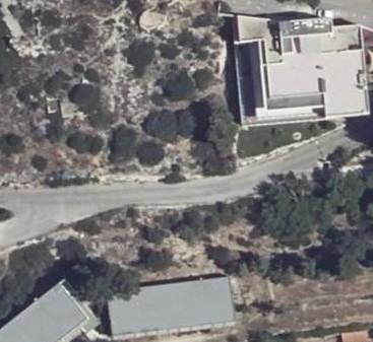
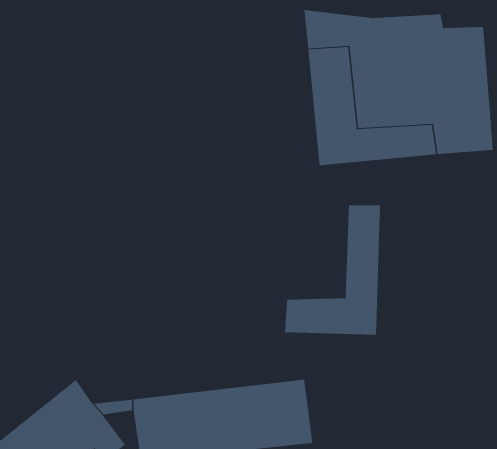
building: none -> [285,204,381,336]

